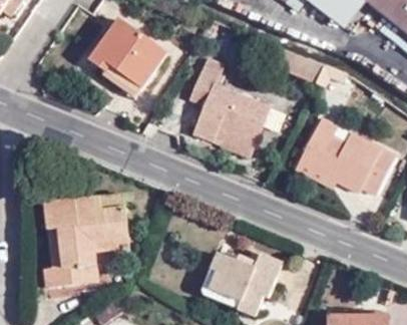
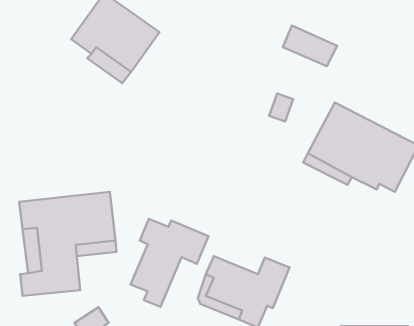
building: [191,57,270,155] -> none
building: none -> [131,219,209,307]

